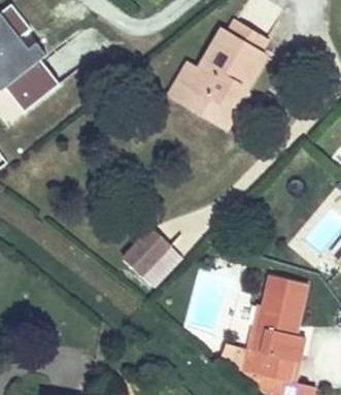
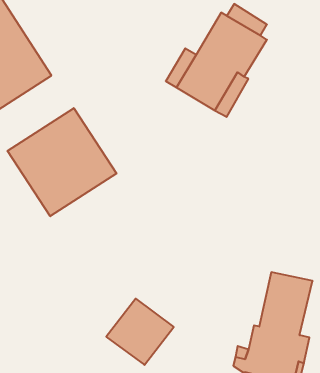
building: none -> [8,108,116,216]
building: [118,227,182,290] -> [106,299,174,365]

